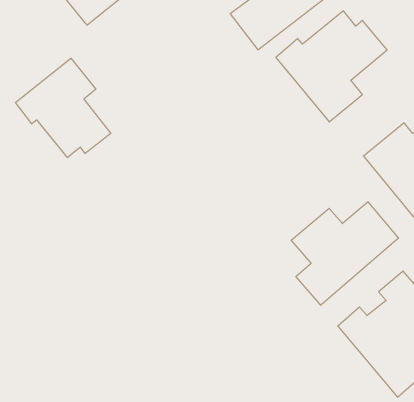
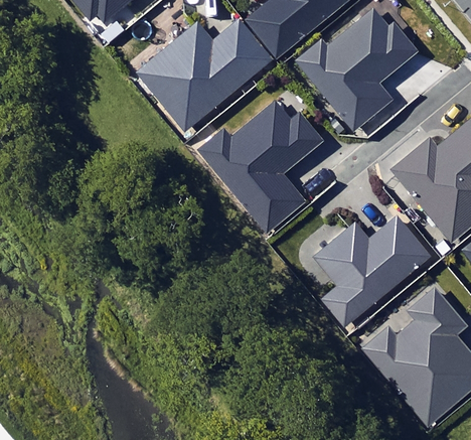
building: none -> [138,20,272,131]
building: [16,58,111,158] -> none
building: none -> [199,100,324,231]

